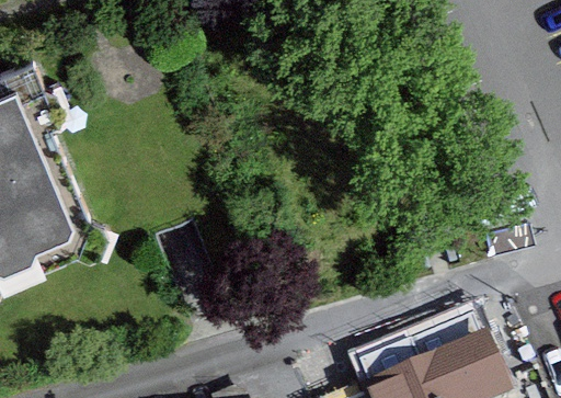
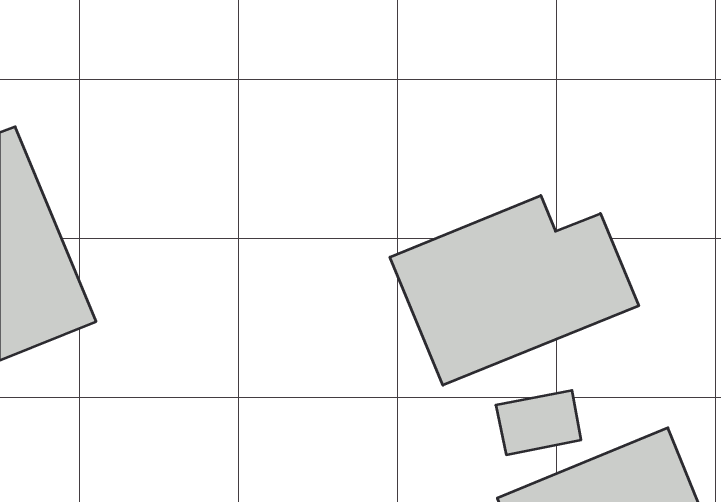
building: none -> [390,195,639,385]

